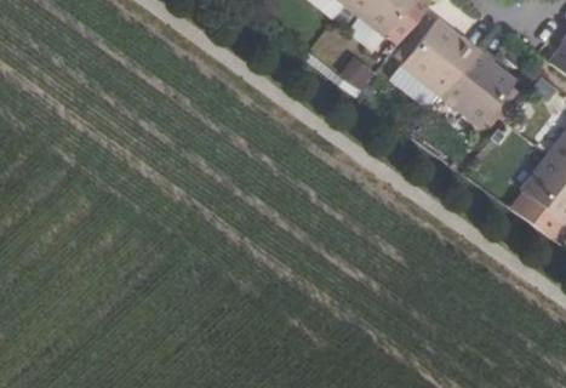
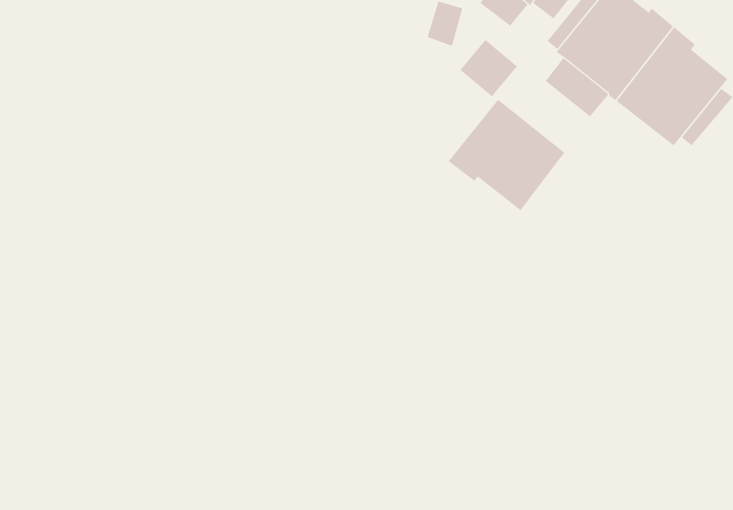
building: none -> [448,99,565,211]

